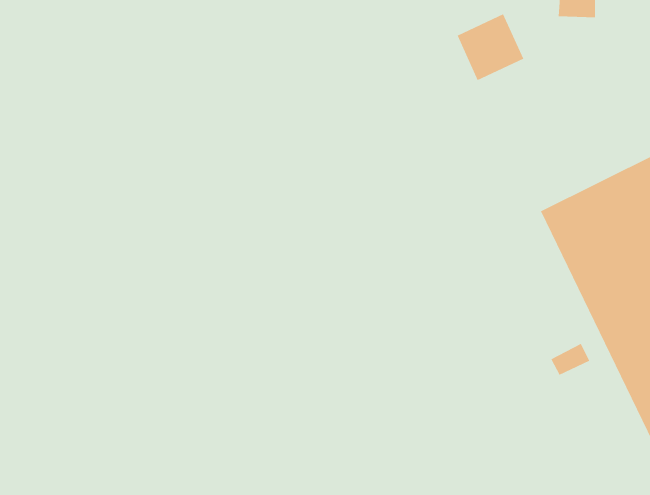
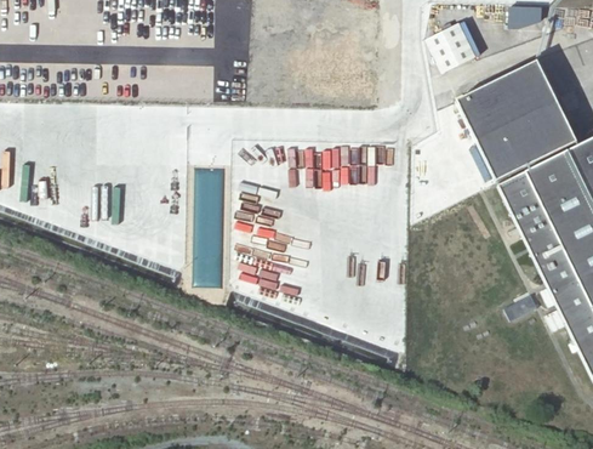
building: none -> [458,57,580,180]

